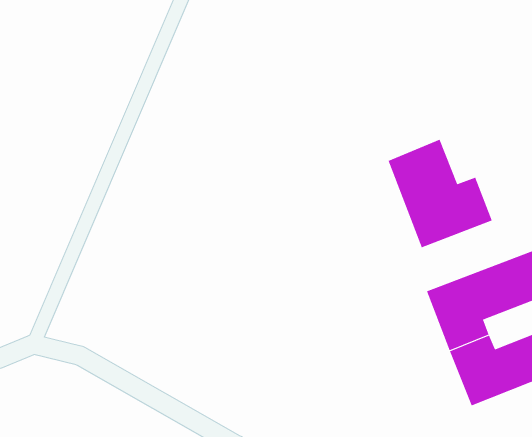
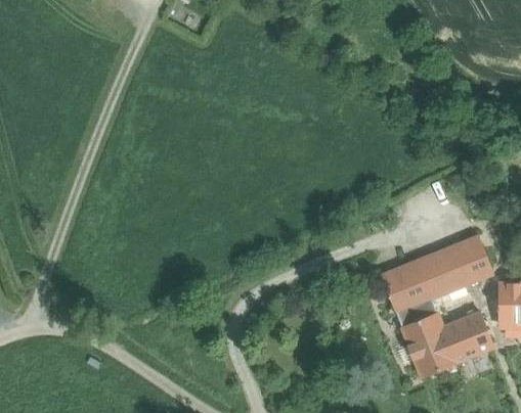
building: [388,139,492,248] -> none

